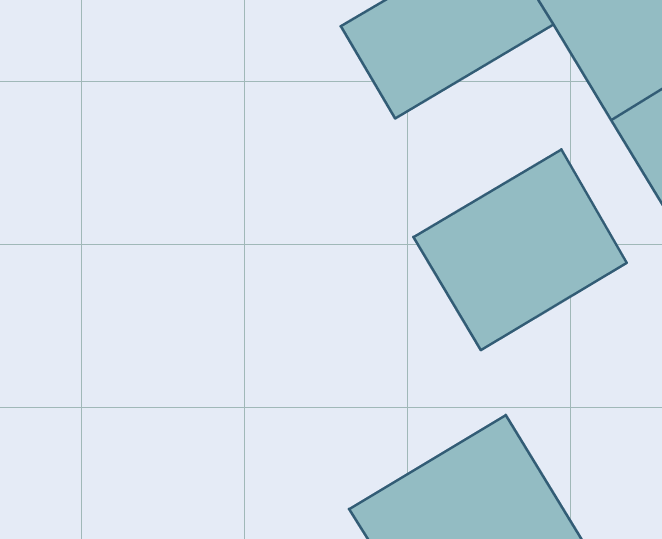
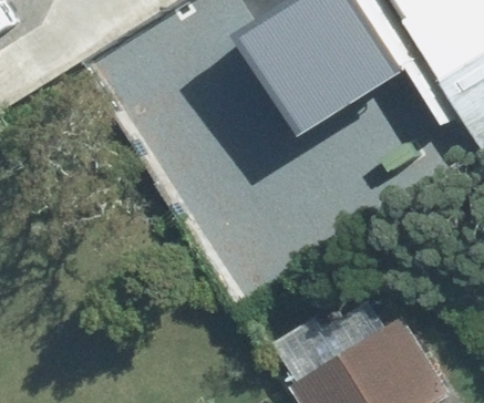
building: [413,149,627,350] -> none

